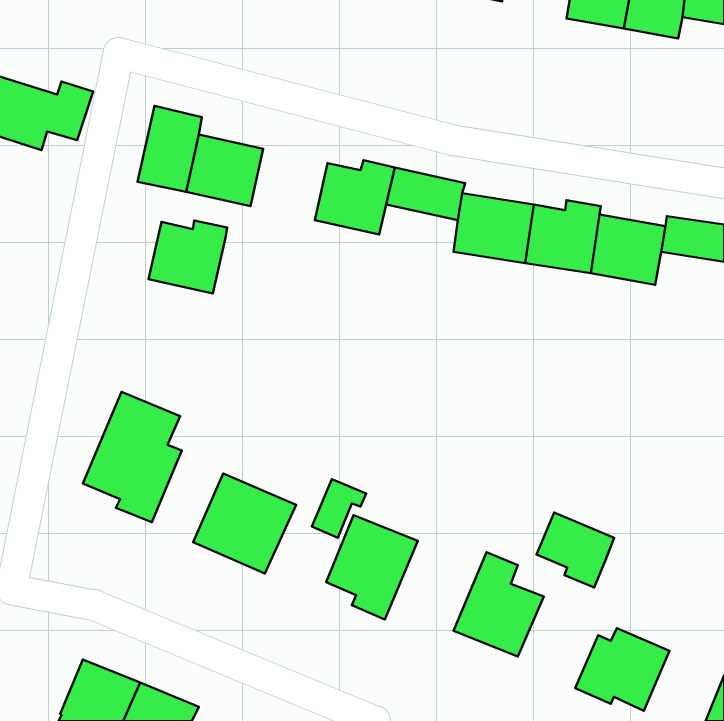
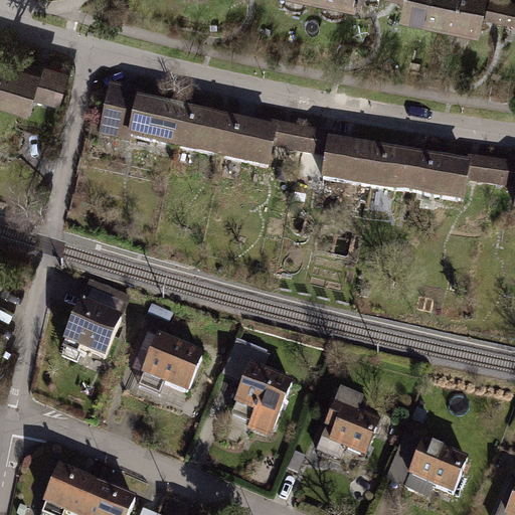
building: [148,220,227,293] -> [176,104,231,155]
building: [537,513,614,588] -> none

